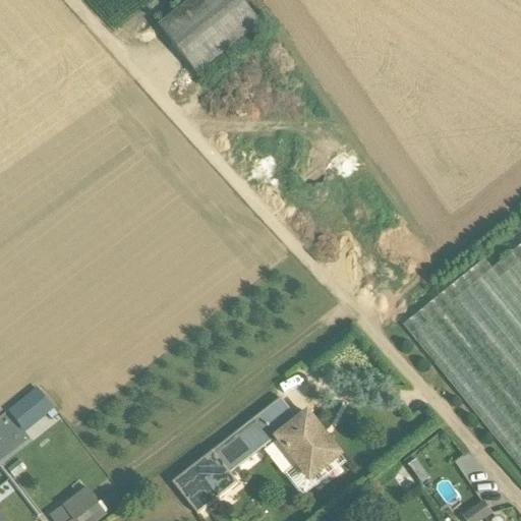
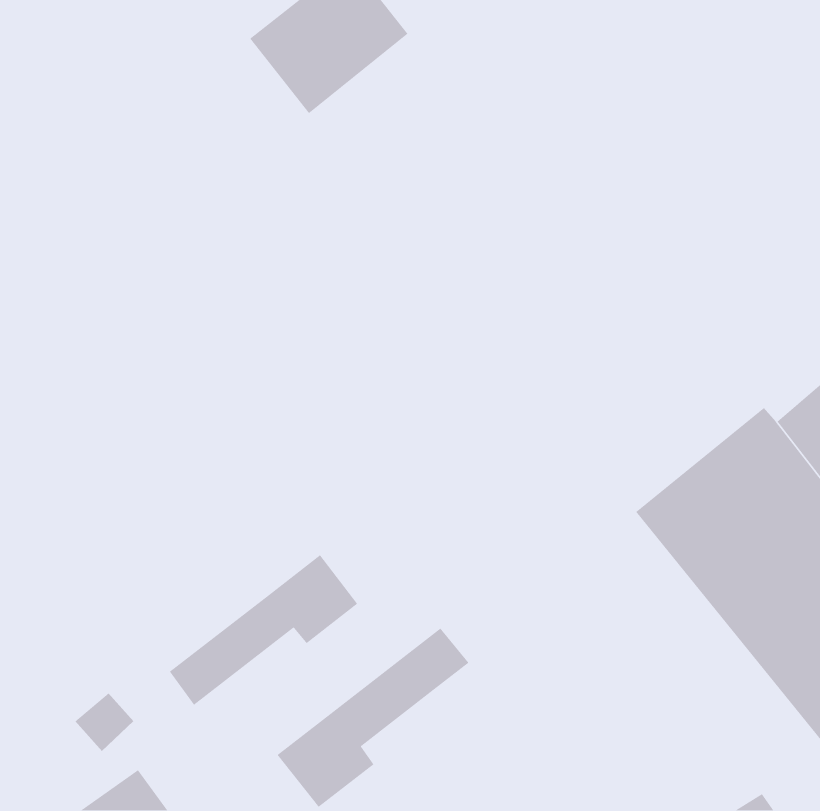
building: none -> [169,554,358,706]
building: [16,387,54,424] -> [75,692,134,752]
building: [276,412,340,478] -> none

